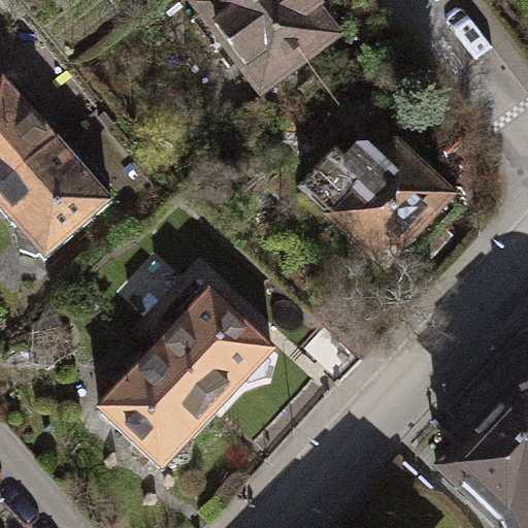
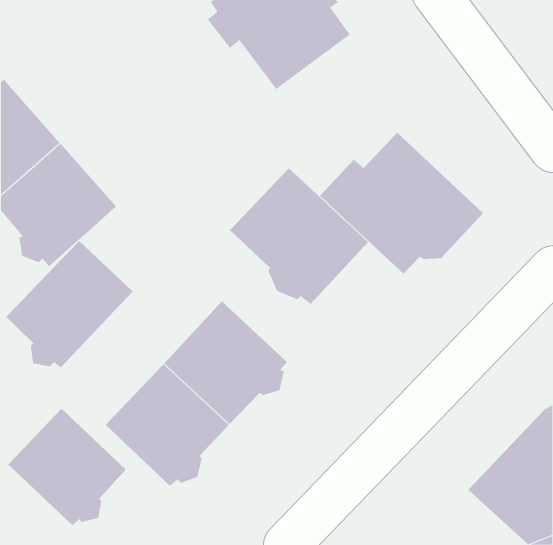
building: none -> [229,167,369,305]
building: none -> [5,240,134,368]
building: none -> [8,408,127,526]

